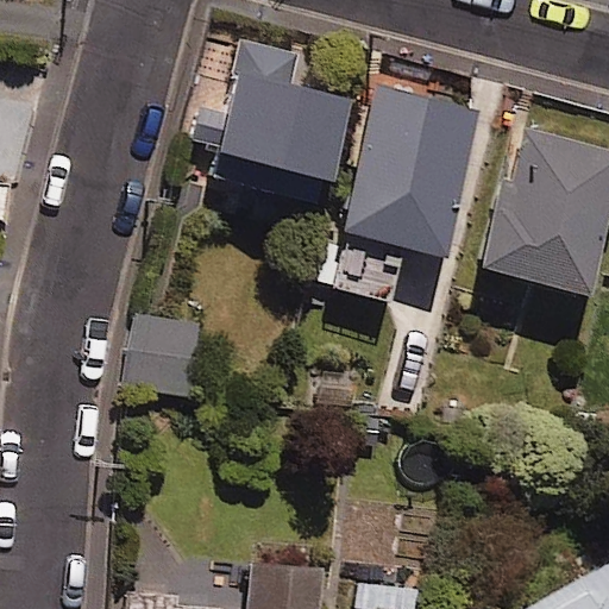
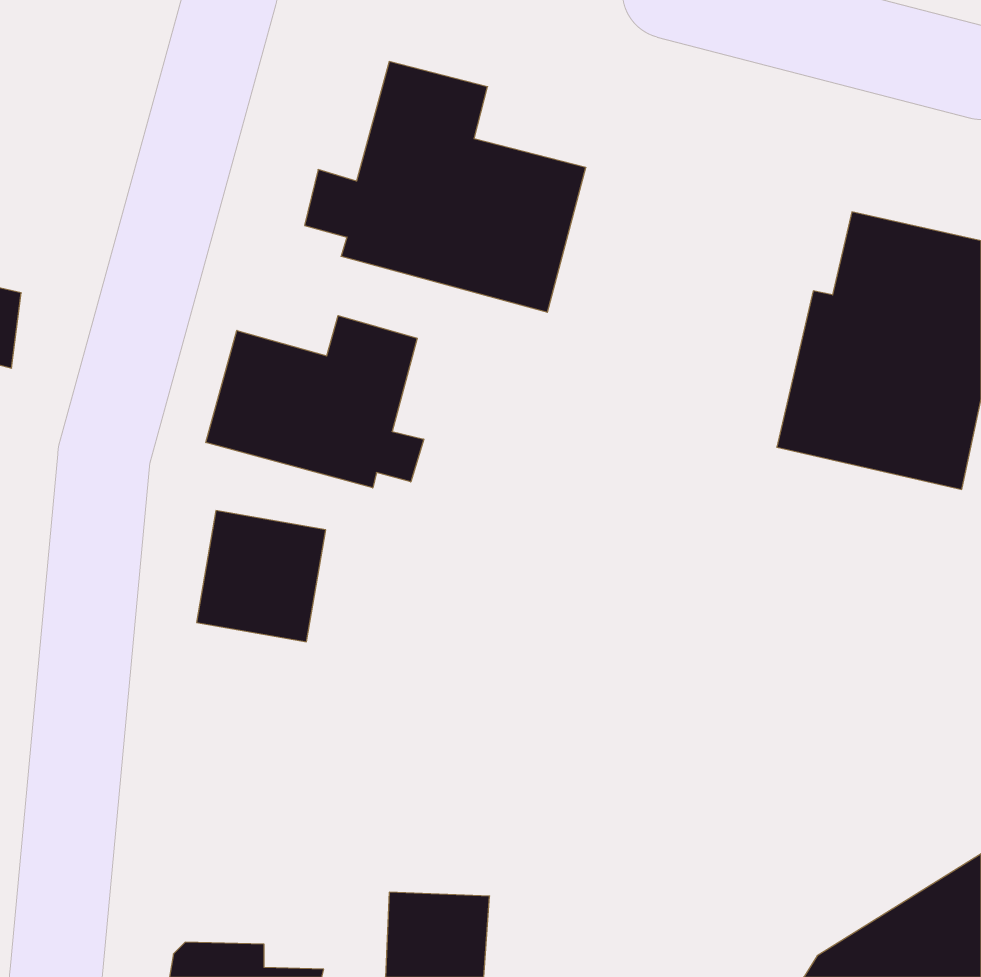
building: [343,84,484,263] -> none
building: none -> [206,316,424,488]

